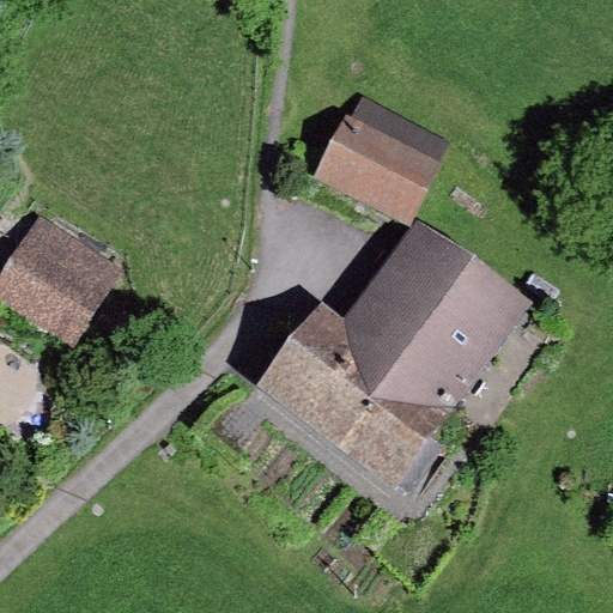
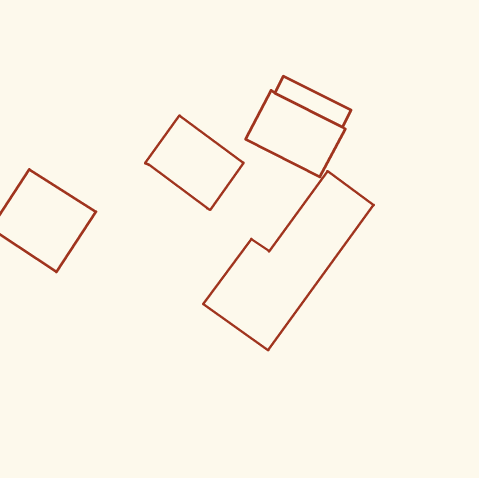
building: none -> [145,116,243,210]
building: [341,261,532,487] -> none

